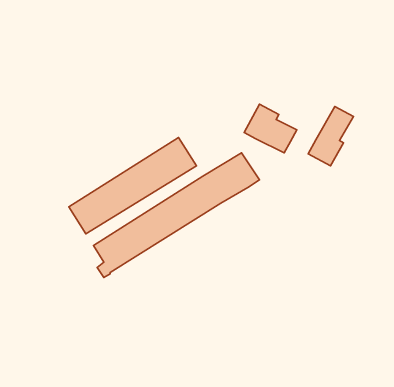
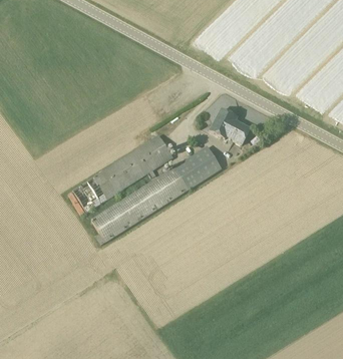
building: [308,107,353,166] -> none

